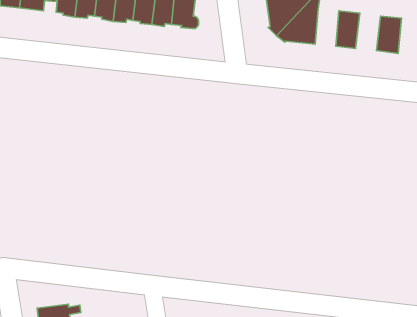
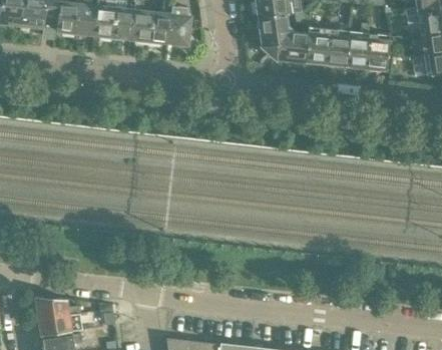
building: none -> [344,23,369,67]
building: none -> [305,27,328,63]
building: none -> [34,296,78,316]

